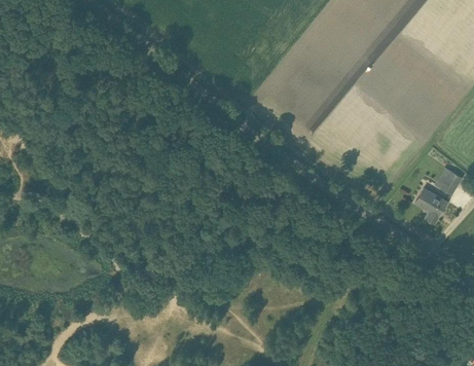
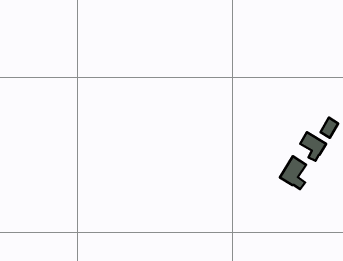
building: none -> [280,156,306,189]

